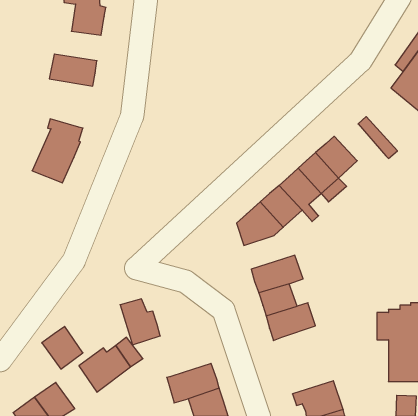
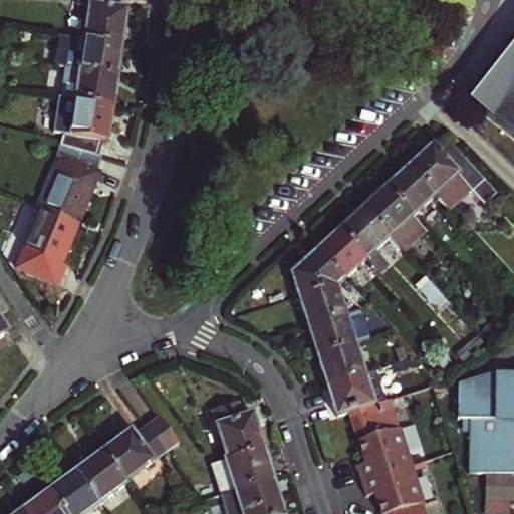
building: none -> [58,34,125,74]
building: none -> [56,96,115,156]
building: none -> [411,147,474,211]
building: none -> [16,209,78,285]
building: none -> [300,288,347,329]
building: [120,299,160,345] -> [211,400,260,456]
building: none -> [346,399,410,482]
building: [42,326,83,369] -> [70,448,120,500]

